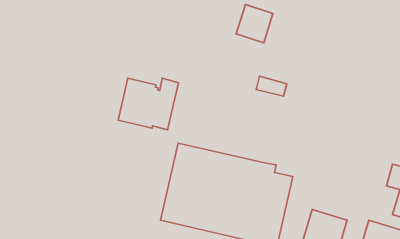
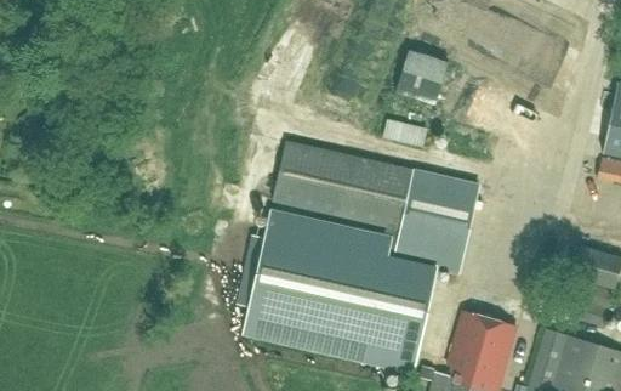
building: [236,4,273,43] -> [395,49,449,104]
building: [118,78,179,130] -> none
building: none -> [273,141,475,268]

